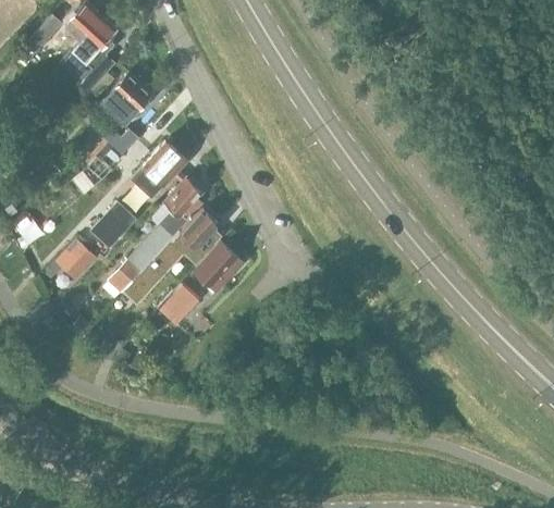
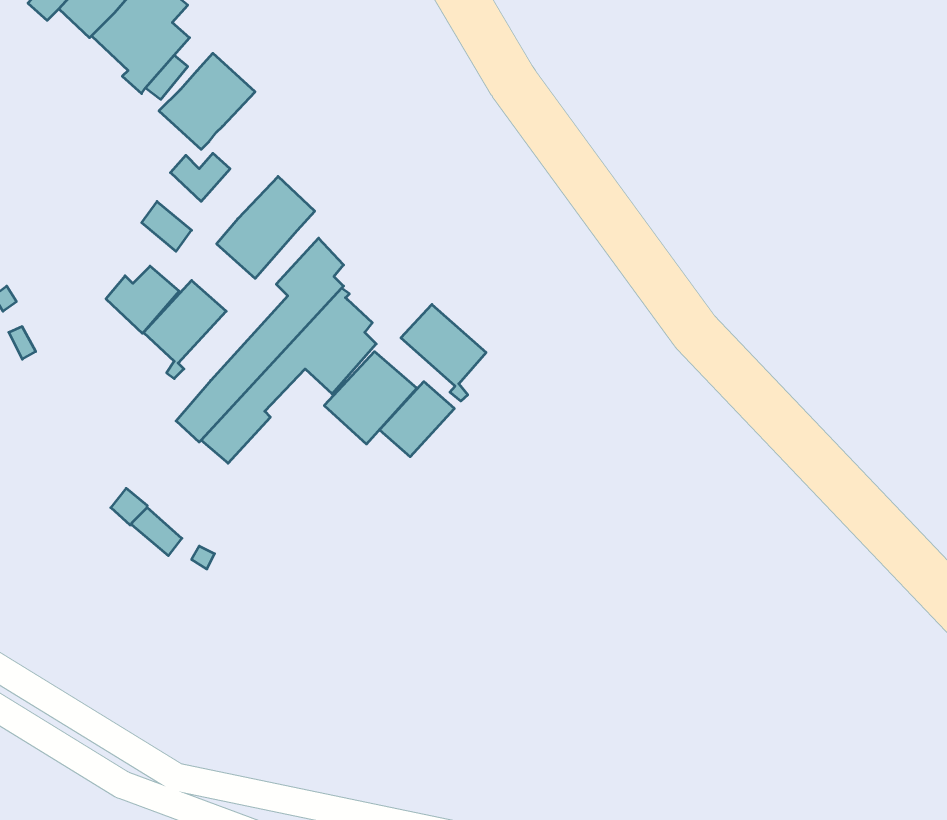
building: none -> [401,304,486,401]
building: [54,243,96,281] -> [106,266,179,333]
building: [159,283,201,325] -> [379,382,454,457]

